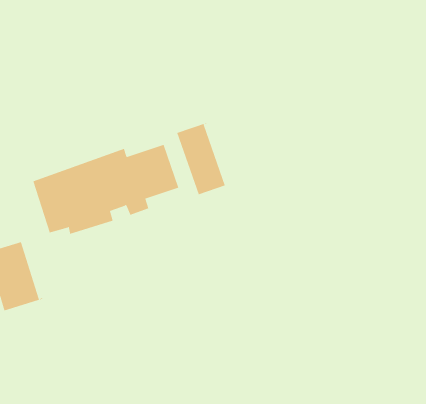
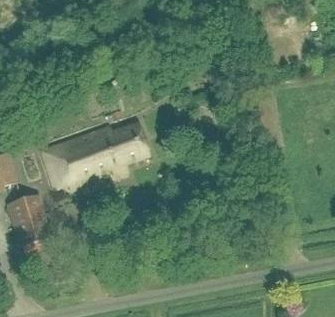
building: [177,122,226,195] -> none

